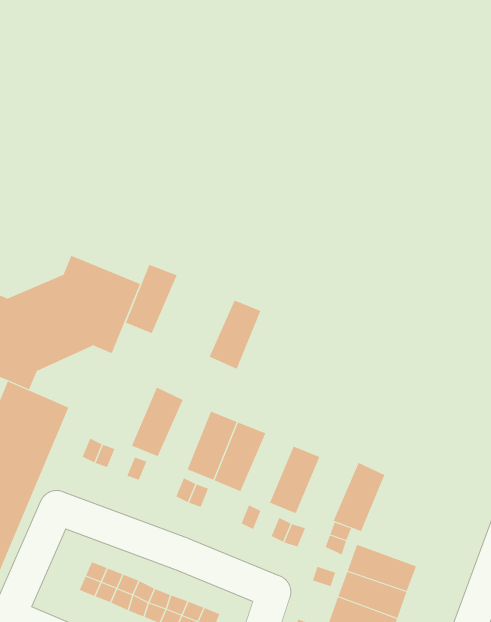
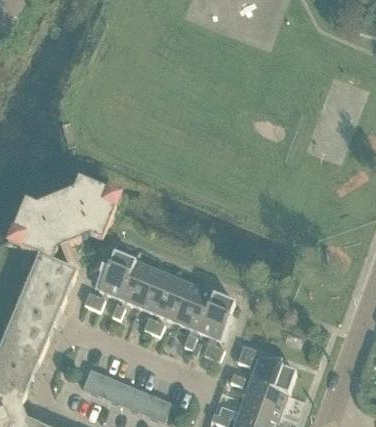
building: [125,264,177,334] -> [99,251,132,295]
building: [209,300,261,369] -> [133,266,166,310]
building: [333,462,385,532] -> [185,287,218,331]

